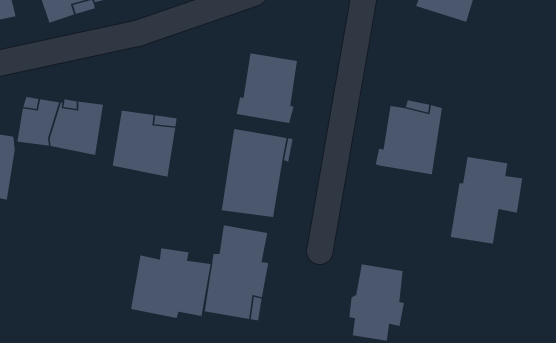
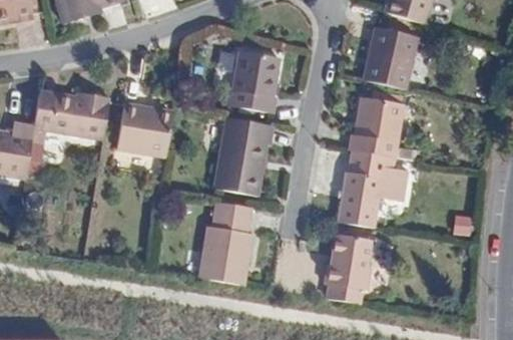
building: none -> [361,27,417,89]
building: [450,156,523,244] -> [335,149,399,227]
building: [130,248,211,319] -> none

